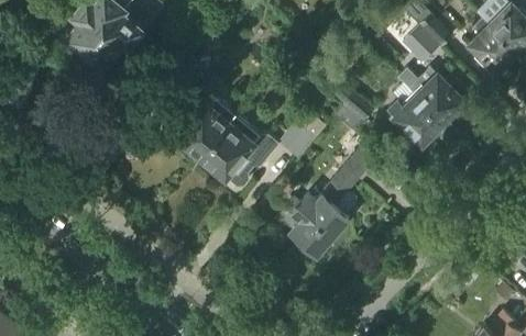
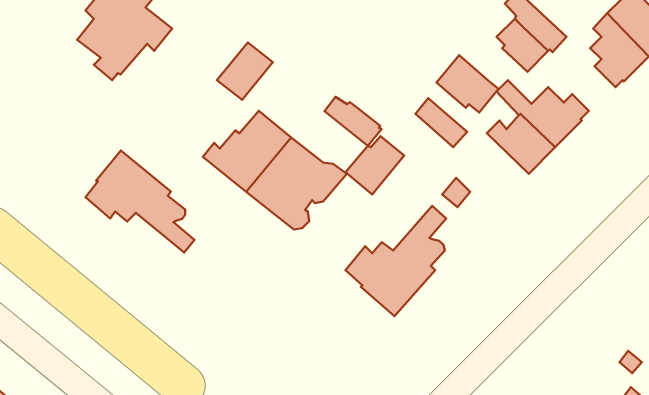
building: none -> [437,55,499,113]
building: none -> [325,97,381,146]
building: none -> [86,150,194,253]

